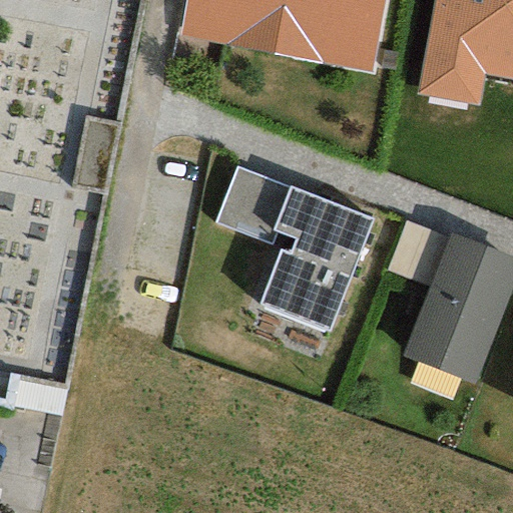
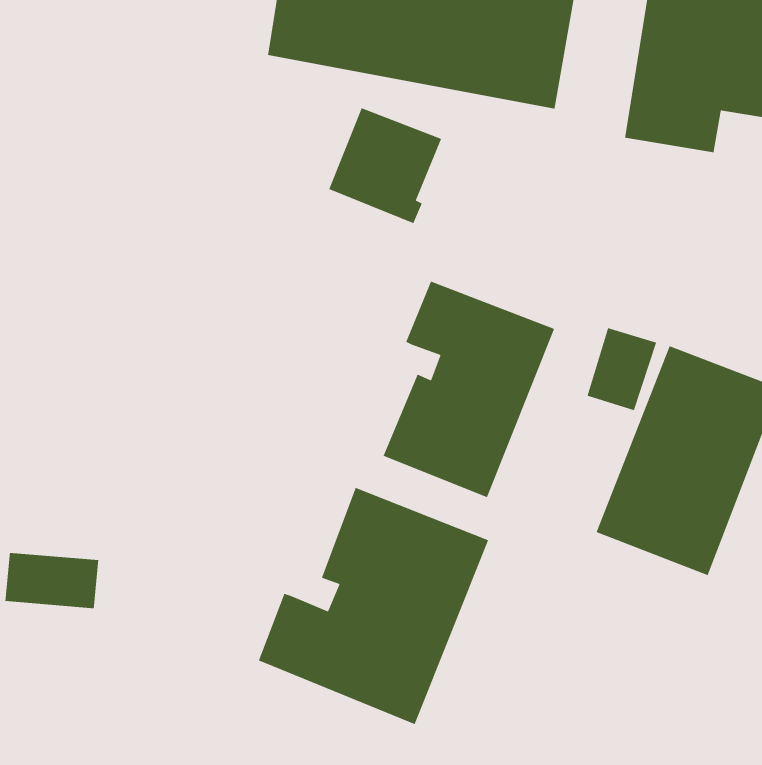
building: [214,166,291,244] -> [328,107,442,224]
building: none -> [258,487,489,725]

